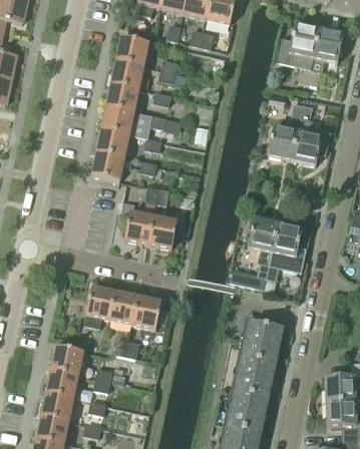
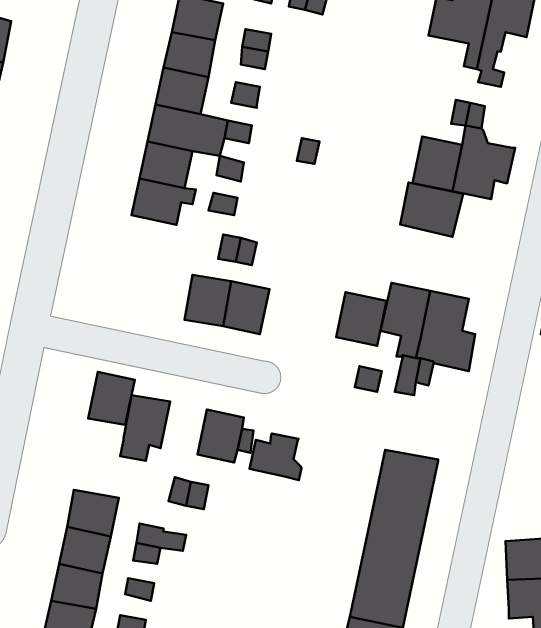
building: none -> [400,182,463,237]
building: none -> [336,292,387,346]
building: [109,291,138,324] -> [88,372,135,425]
building: none -> [249,434,302,480]

